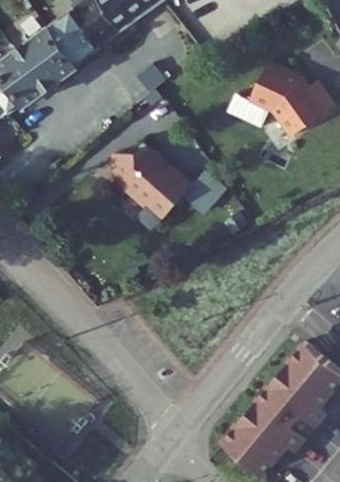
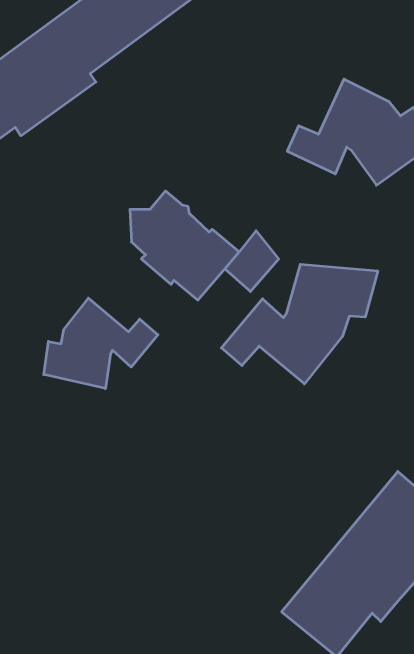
building: none -> [221,264,378,384]
building: none -> [44,298,158,389]

